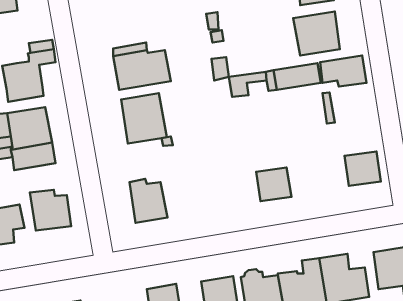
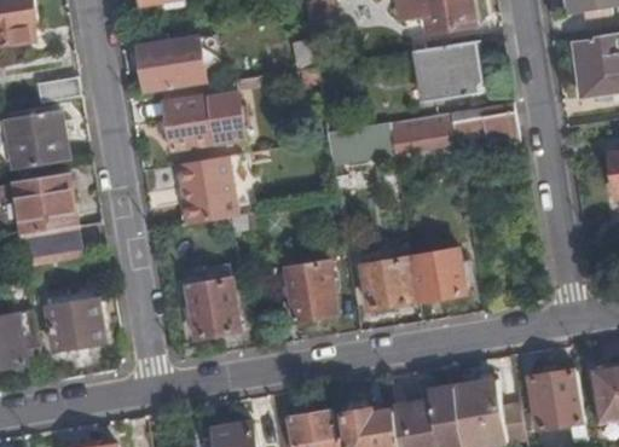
building: none -> [138,37,207,91]
building: [345,151,381,186] -> [413,250,464,298]
building: none -> [287,261,337,319]

